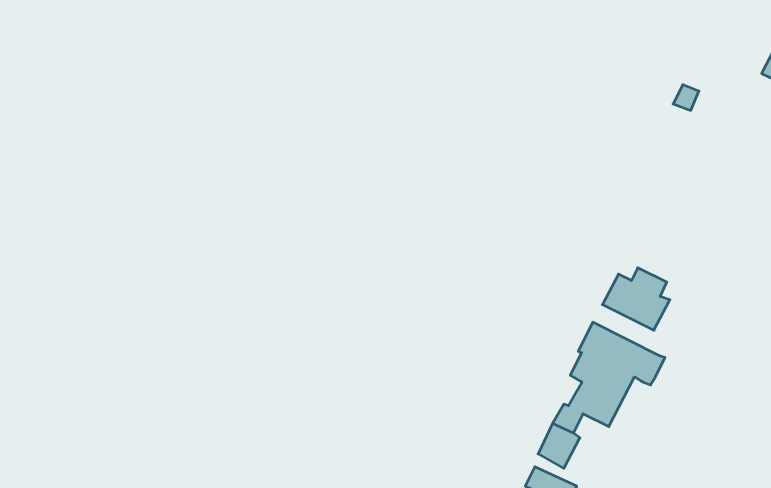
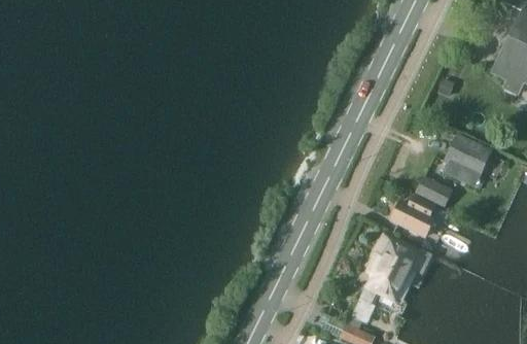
building: none -> [445,136,492,177]
building: none -> [415,176,453,209]

